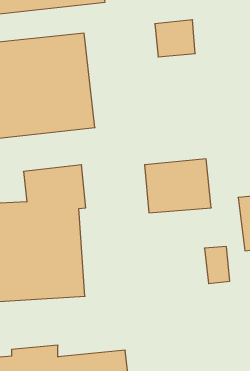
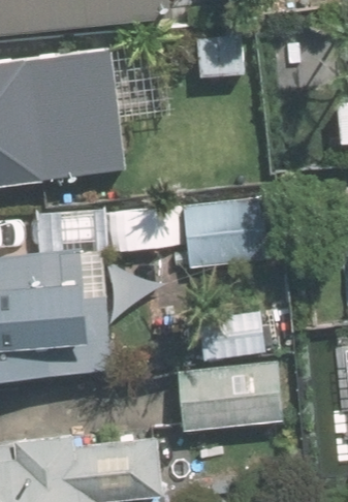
building: none -> [178,363,282,433]

